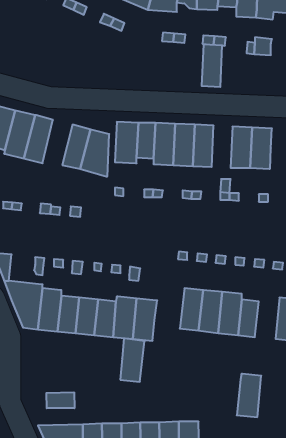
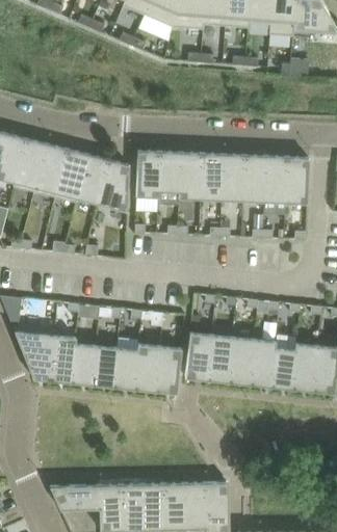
building: [202,45,222,87] -> [242,155,265,202]
building: none -> [55,149,88,202]
building: [120,338,145,382] -> [185,331,212,379]
building: [237,374,261,417] -> [290,343,317,391]
building: [46,392,74,408] -> none

